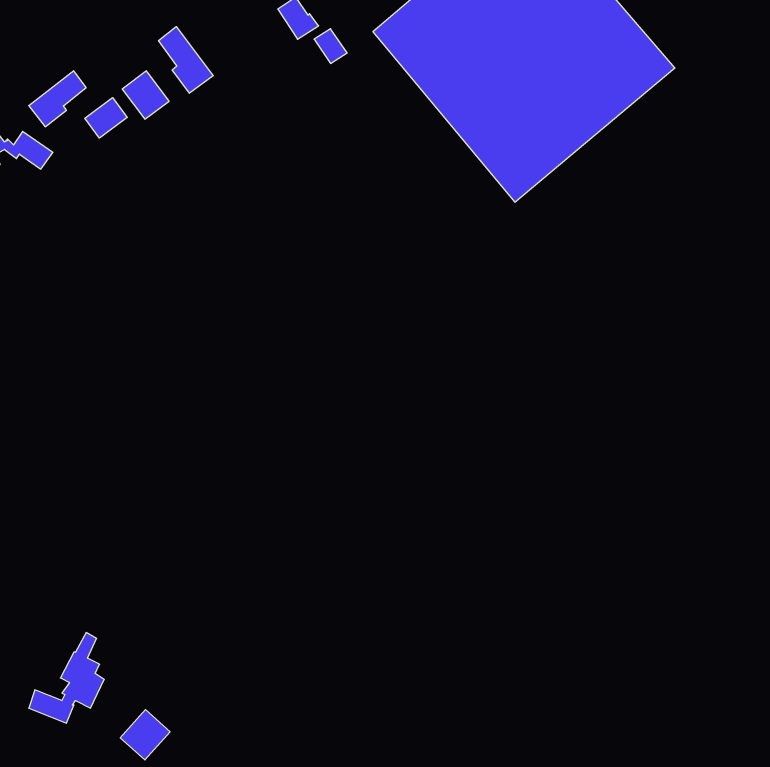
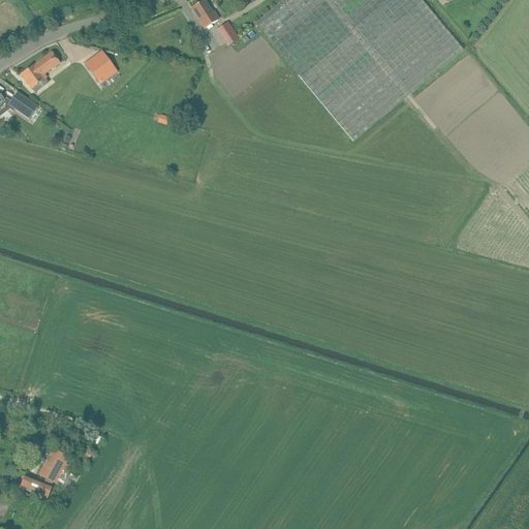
building: [159,27,213,93] -> none
building: [85,98,127,138] -> none
building: [120,710,170,760] -> none

